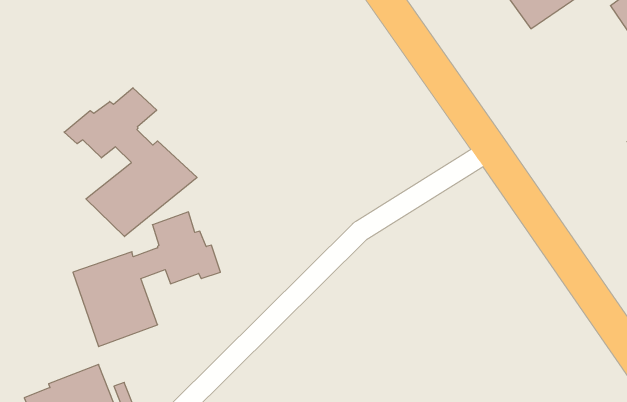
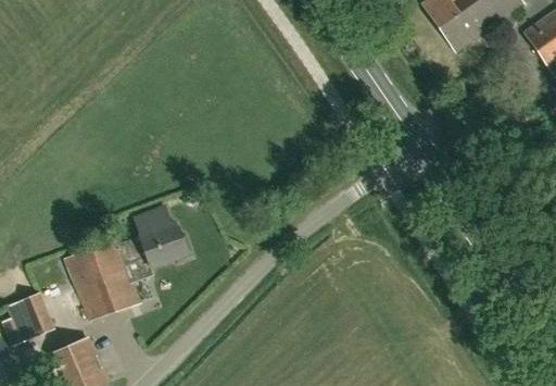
building: [64,88,197,237] -> none
building: none -> [11,292,54,341]

